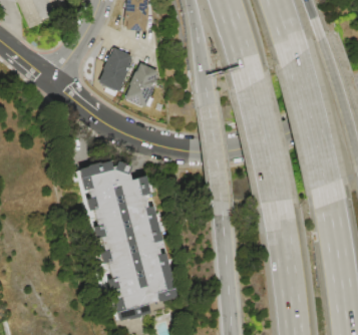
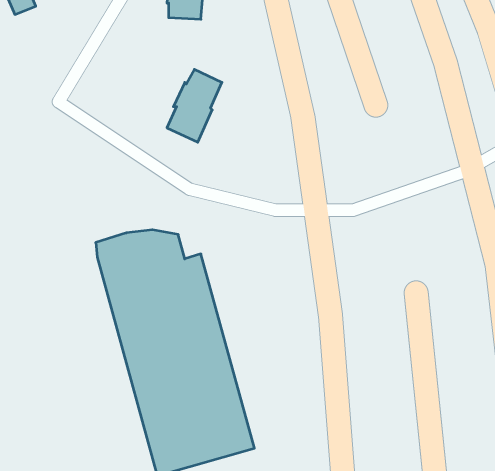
building: [98,46,131,90] -> none

